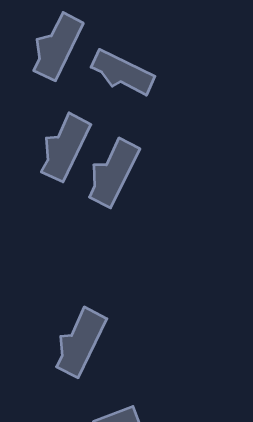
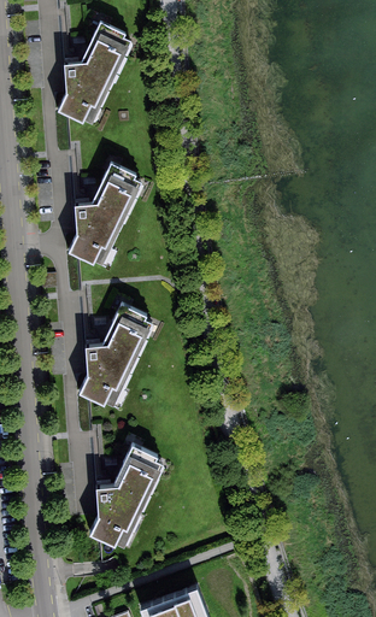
building: [91,49,155,95] -> none
building: [89,138,140,208] -> [81,306,153,406]

